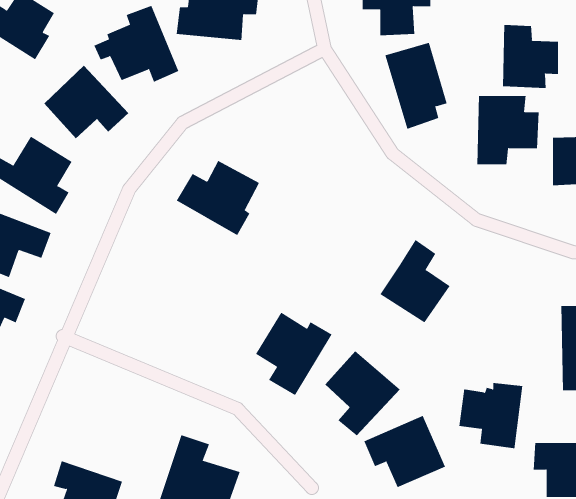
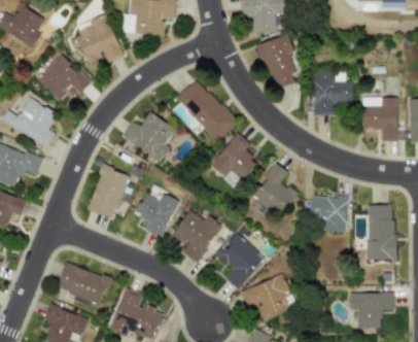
building: [502,24,559,89] -> none
building: none -> [178,78,240,142]
building: none -> [213,132,260,177]
building: none -> [88,166,130,218]
building: none -> [135,193,179,238]
building: [459,382,523,449] -> [311,192,352,234]
building: none -> [58,262,111,305]

